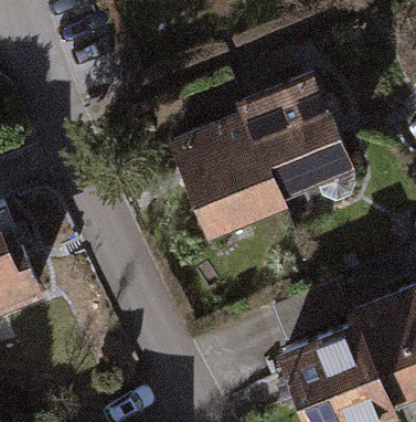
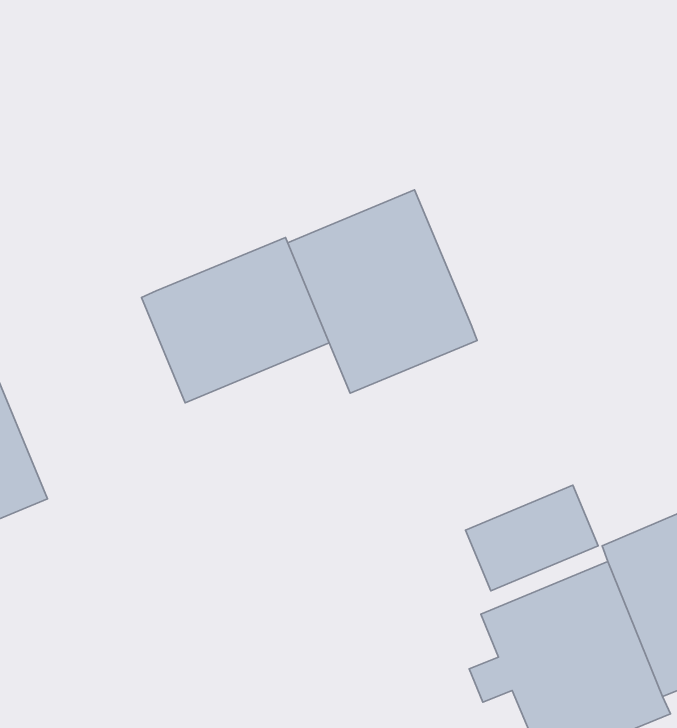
building: [243,78,356,204] -> none
building: none -> [142,238,329,403]

